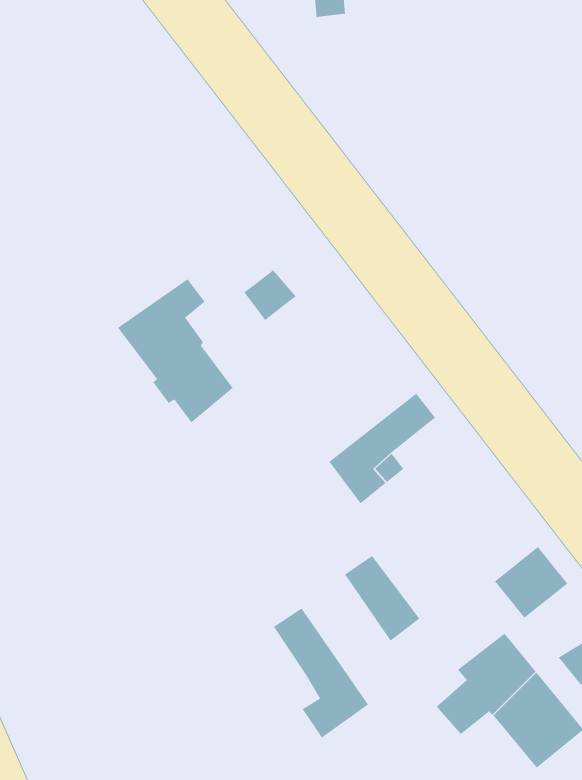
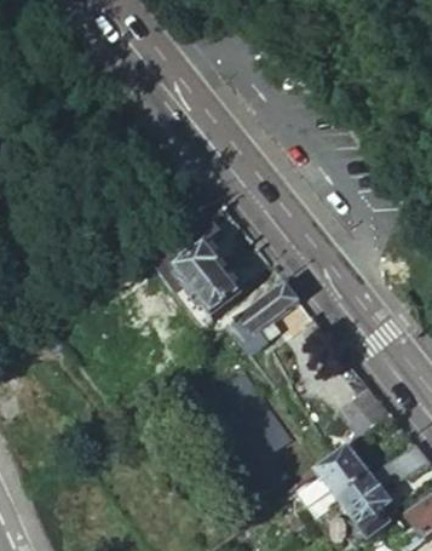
building: [117,279,234,423] -> [161,216,241,315]
building: [273,607,369,739] -> none

